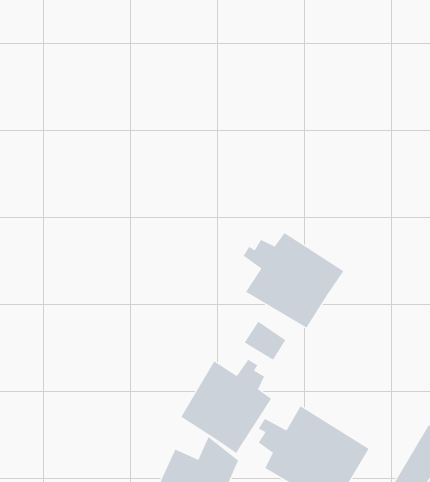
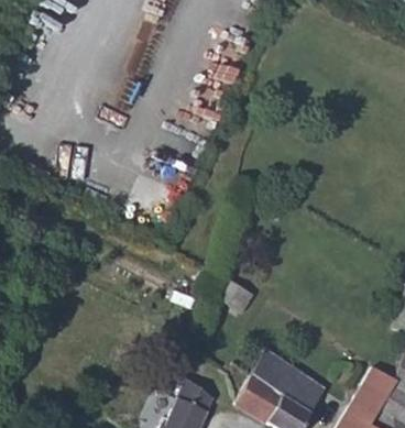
building: [243,232,344,328] -> none
building: [181,359,272,454] -> none

